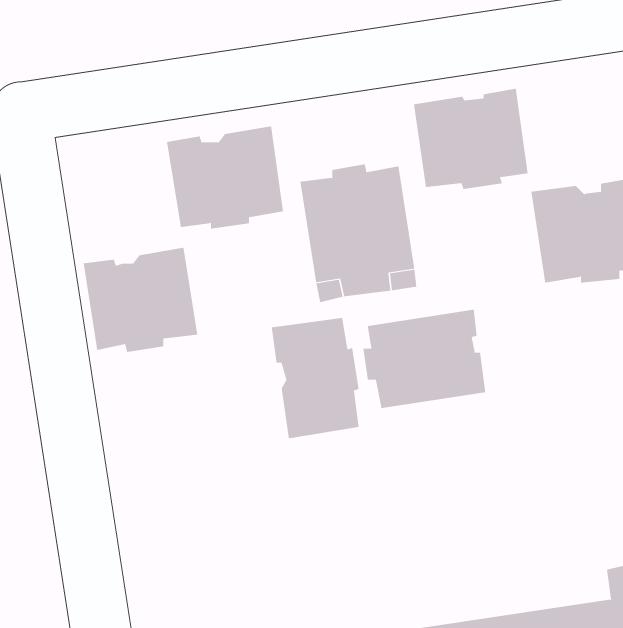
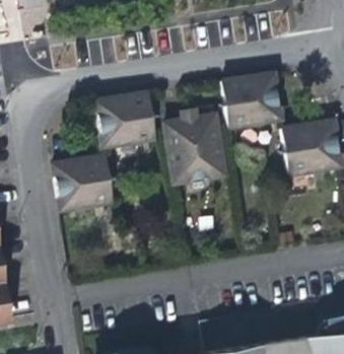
building: [363,309,486,409] -> none
building: [271,317,359,439] -> none

